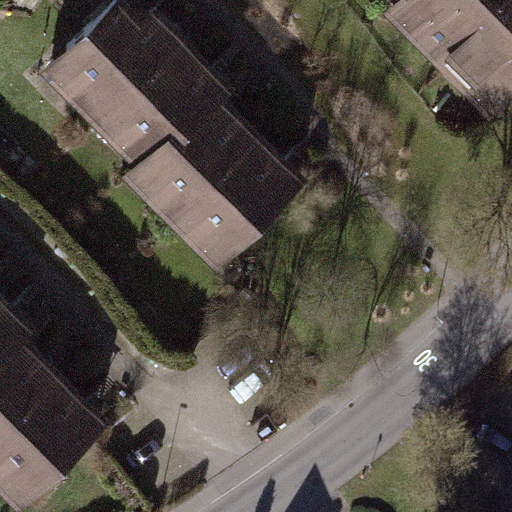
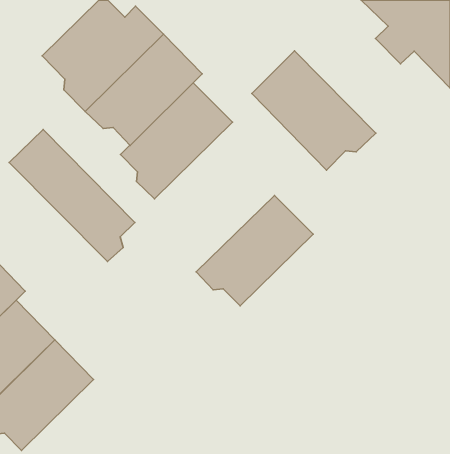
building: none -> [252,51,376,170]
building: [172,142,302,265] -> [196,195,313,306]
building: none -> [9,129,135,262]

